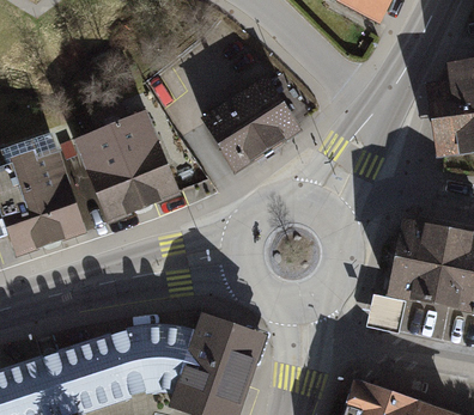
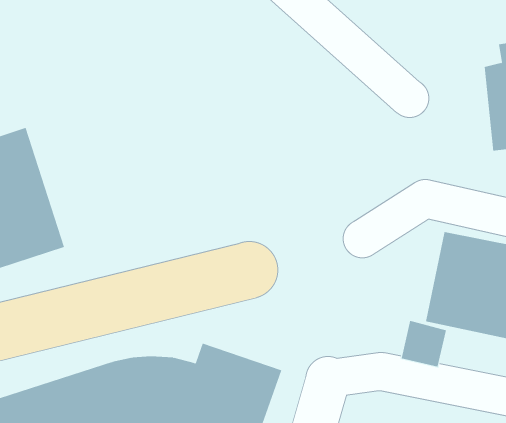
building: [201,74,303,171] -> none
building: [74,109,182,221] -> none

